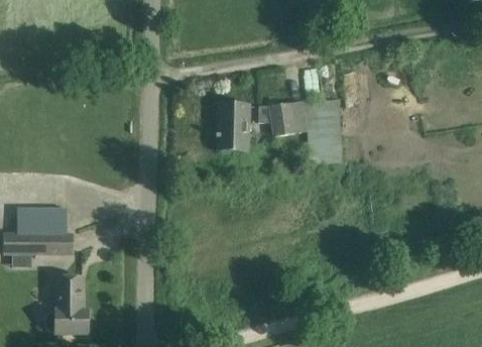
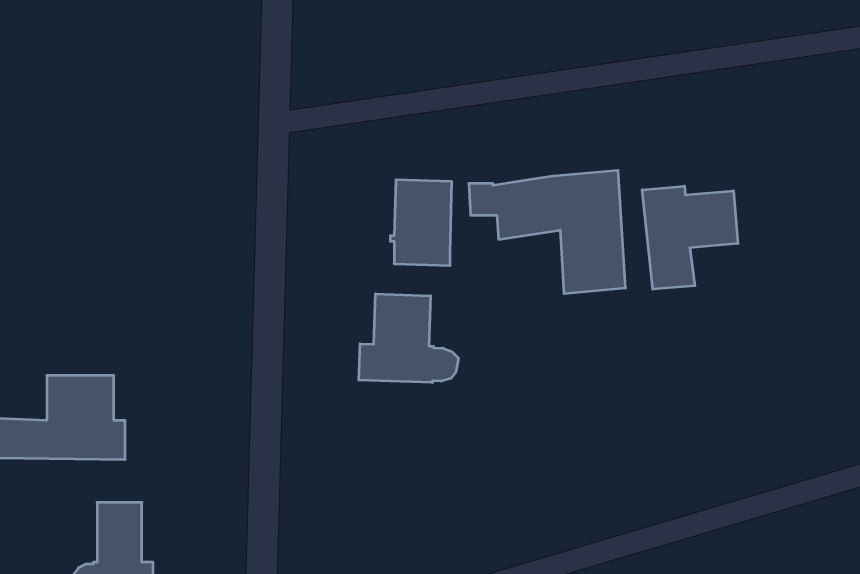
building: none -> [642,186,738,289]
building: none -> [359,294,458,383]

